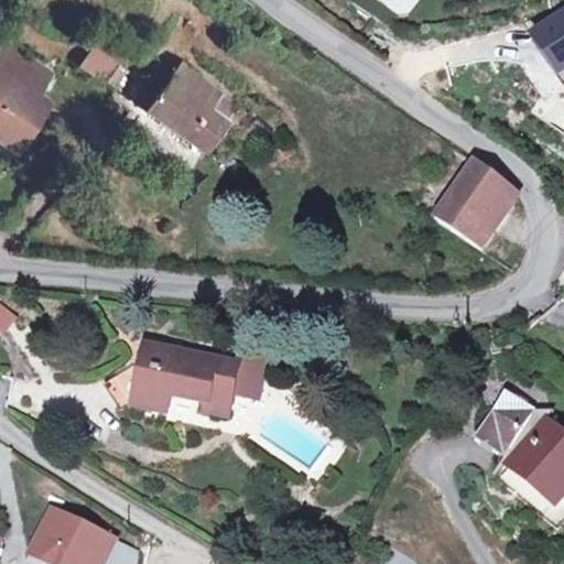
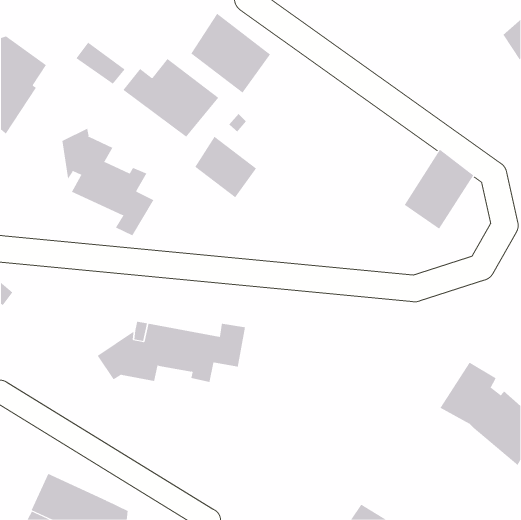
building: none -> [191,13,271,93]
building: none -> [62,128,154,236]
building: none -> [194,136,257,198]

